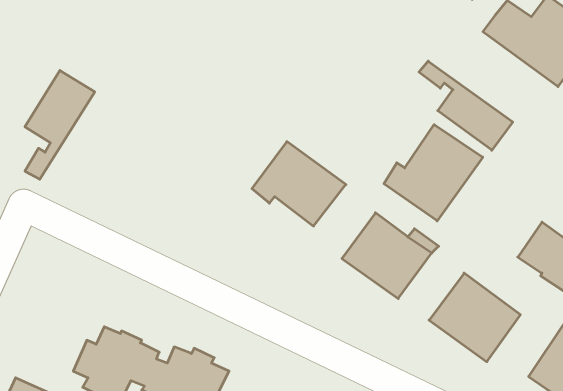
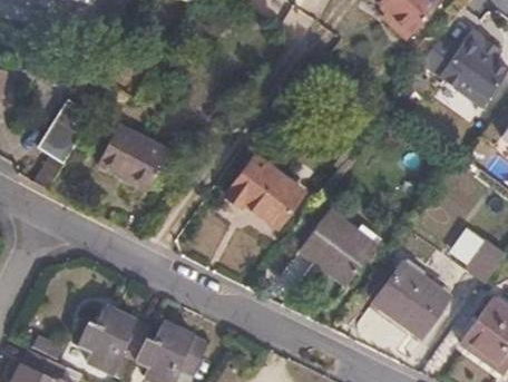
building: [419,61,513,150] -> none
building: none -> [101,124,173,188]
building: [384,125,483,221] -> none

